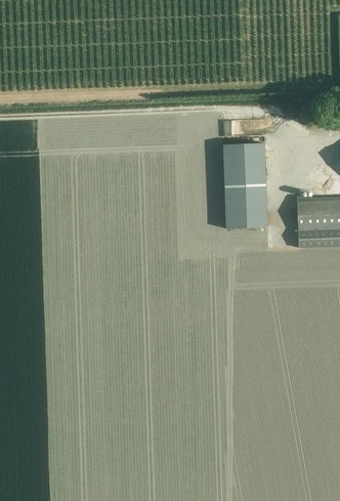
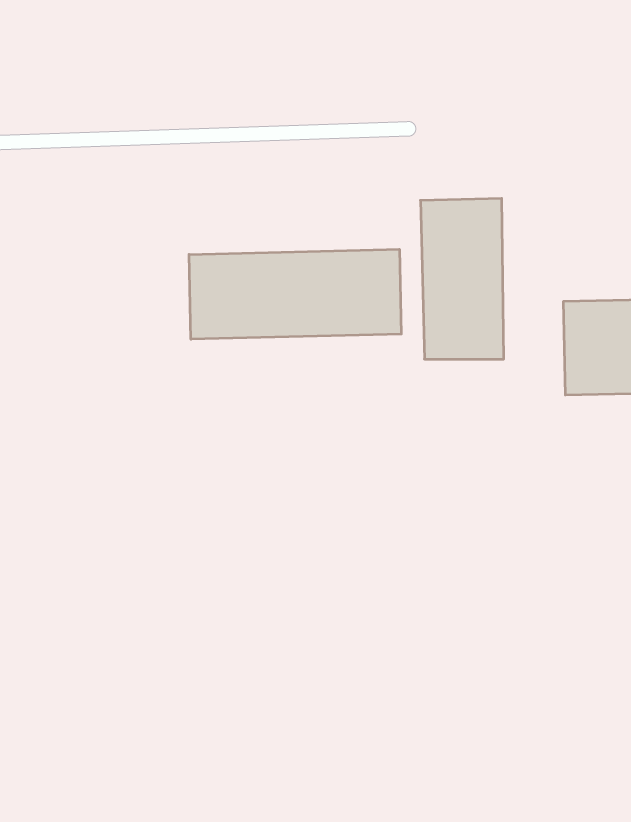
building: none -> [189,249,401,339]

